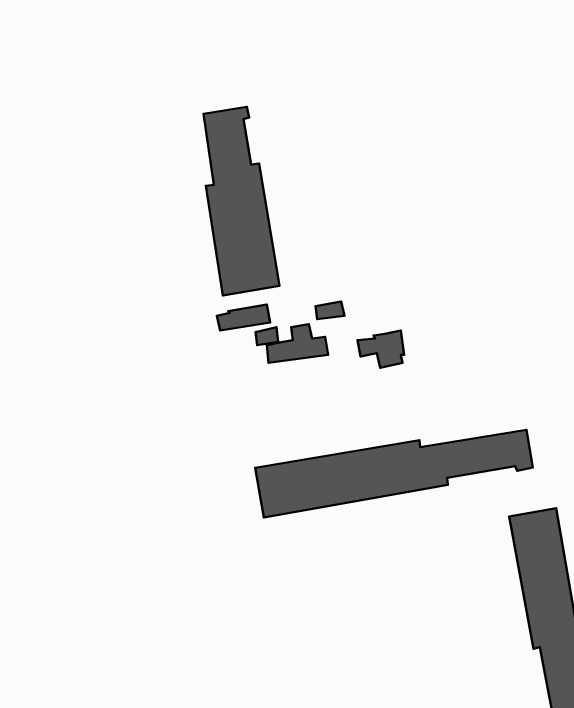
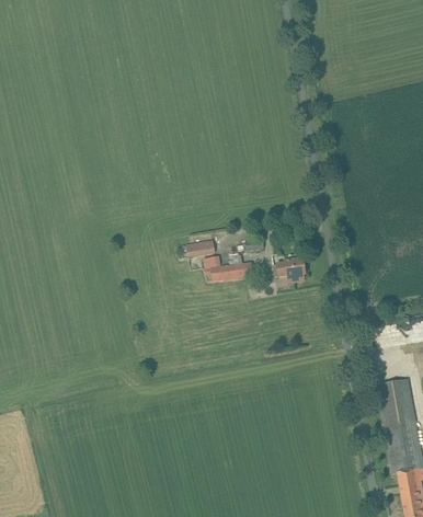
building: [204,107,279,295] -> none
building: [255,430,533,517] -> none

